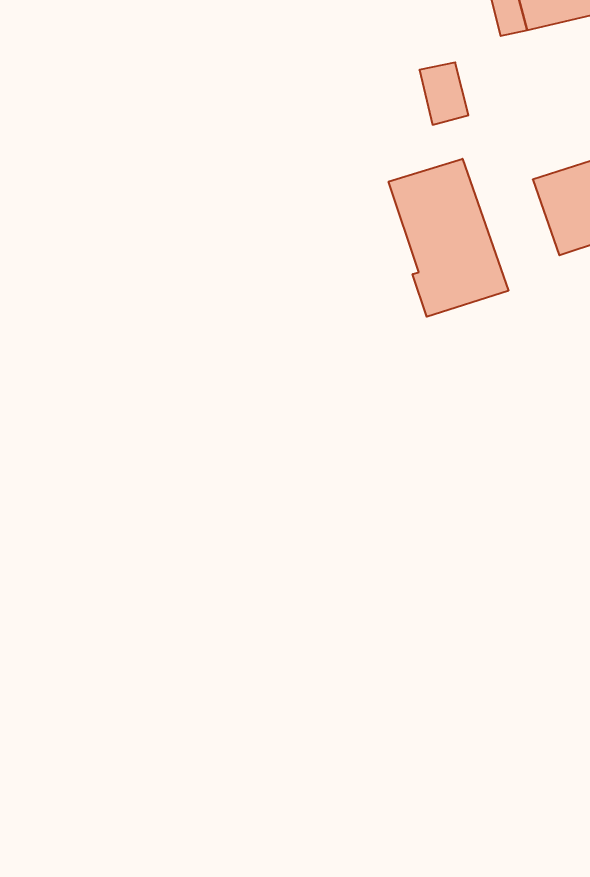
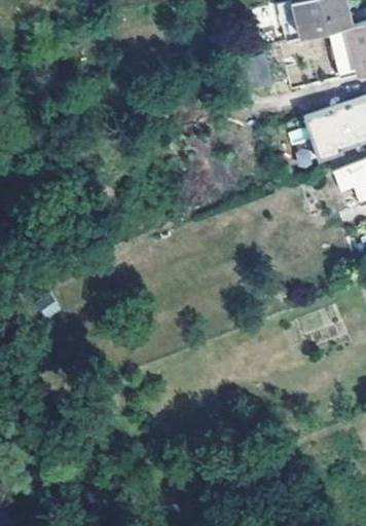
building: [389,159,508,317] -> none

